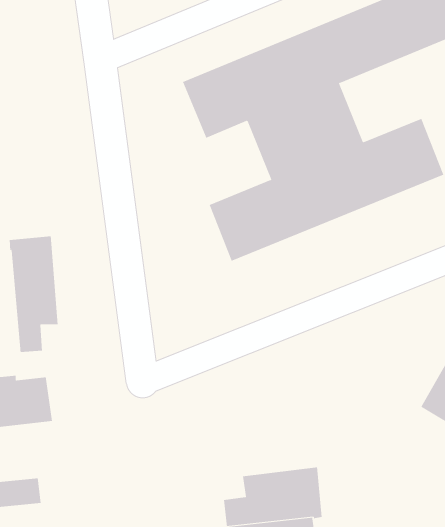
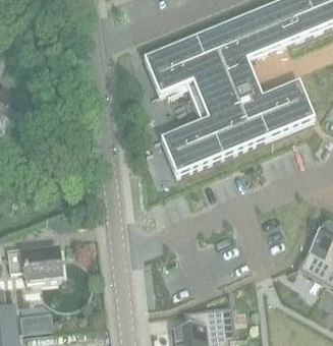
building: [9,235,58,353] -> none

